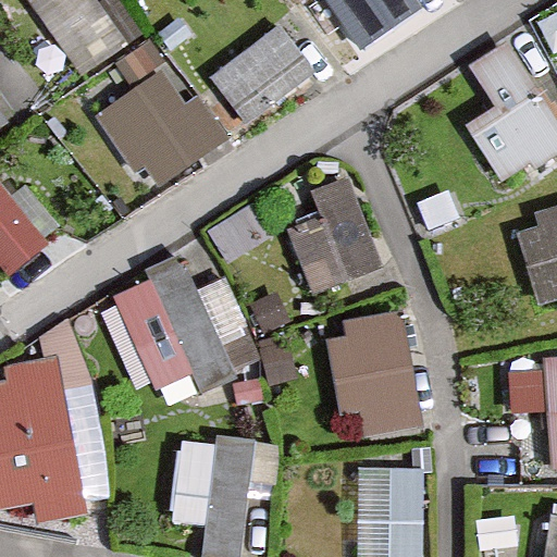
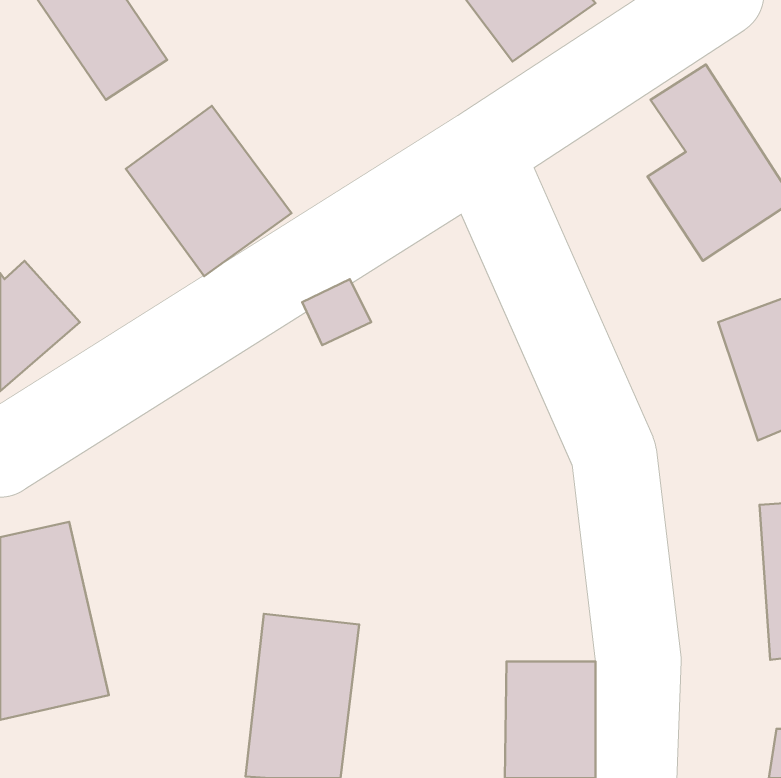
building: [207,20,317,126] -> none
building: [282,180,375,289] -> none
building: [114,263,231,393] -> none
building: [334,318,424,435] -> none

